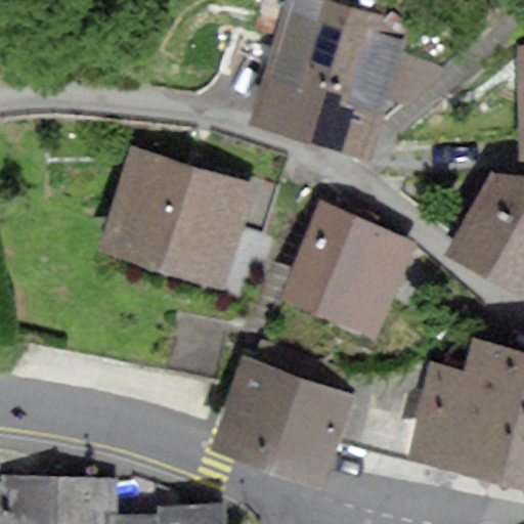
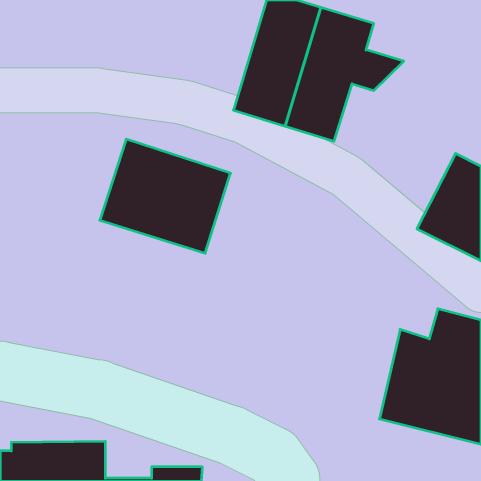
building: [290,211,408,328] -> none
building: [224,363,345,467] -> none

